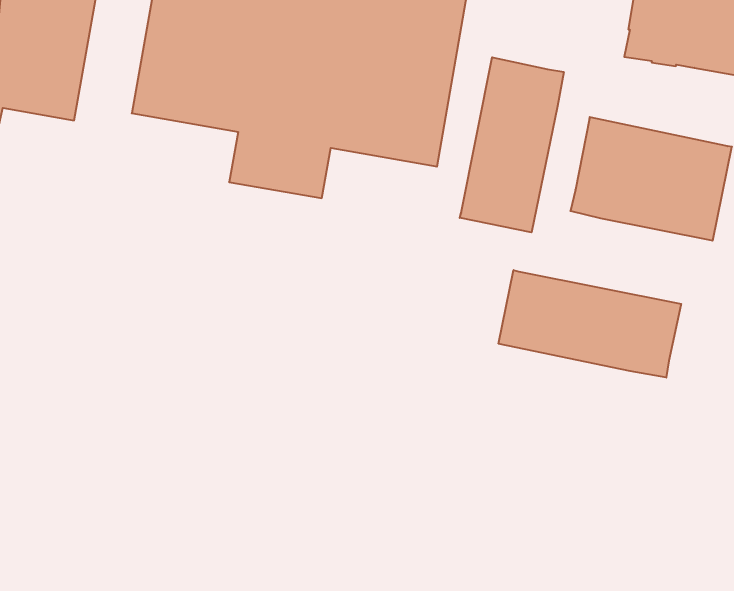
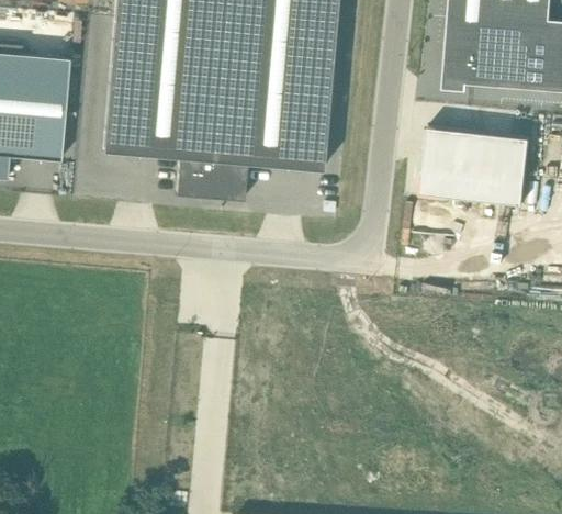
building: [460,57,564,232] -> none
building: [499,270,681,378] -> none

